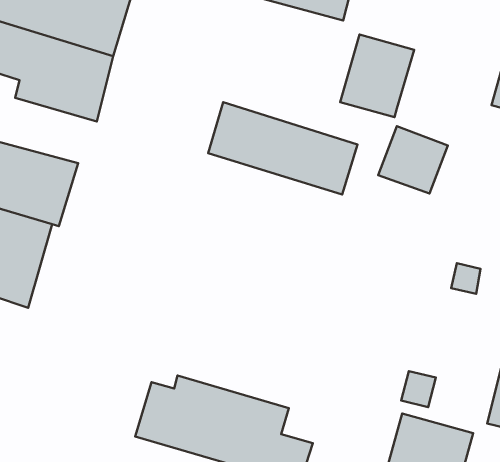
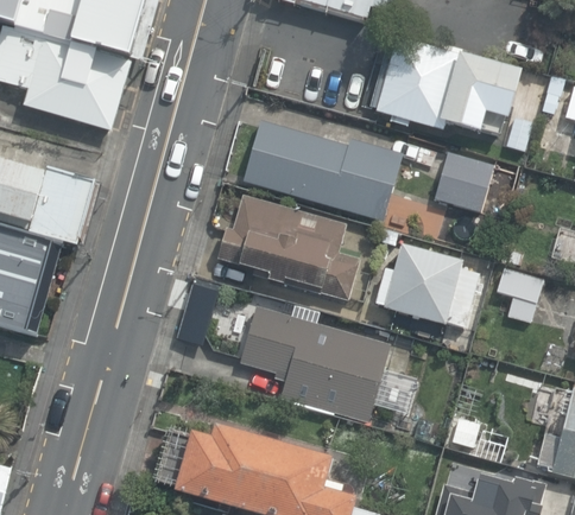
building: none -> [444,61,529,141]
building: none -> [203,189,371,310]
building: none -> [366,234,494,335]
building: none -> [235,305,411,424]

